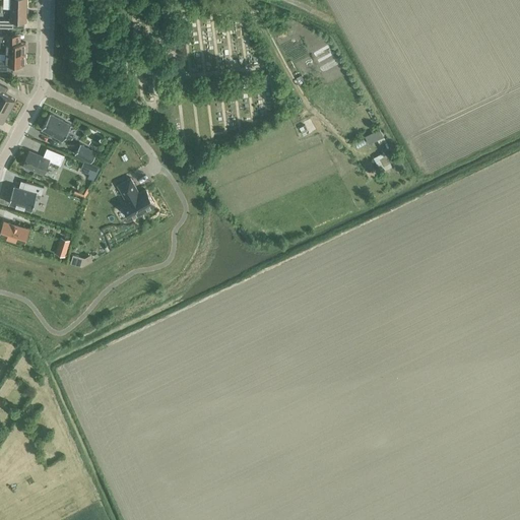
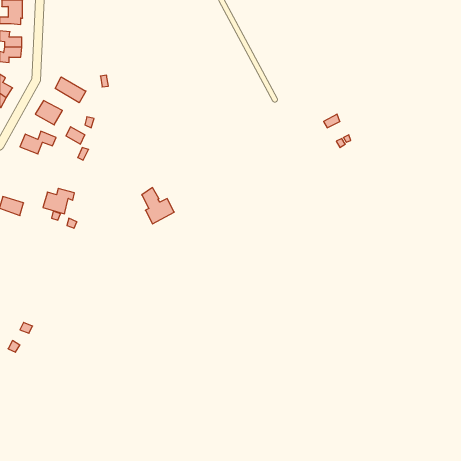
building: none -> [55,77,86,103]
building: [117,179,153,219] -> [142,188,174,224]
building: [7,183,43,211] -> [43,188,74,214]

